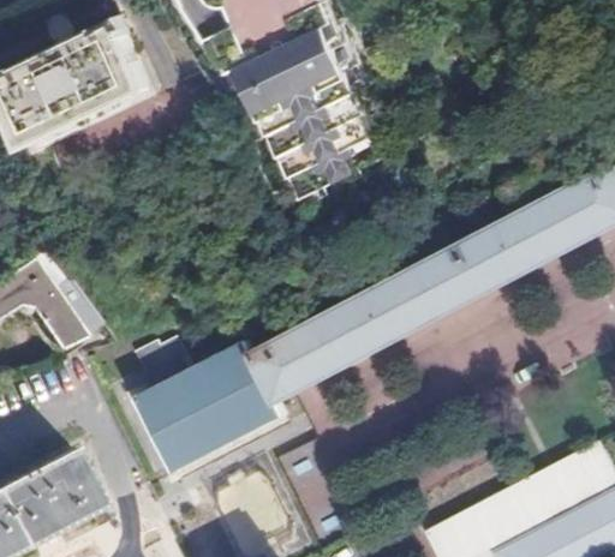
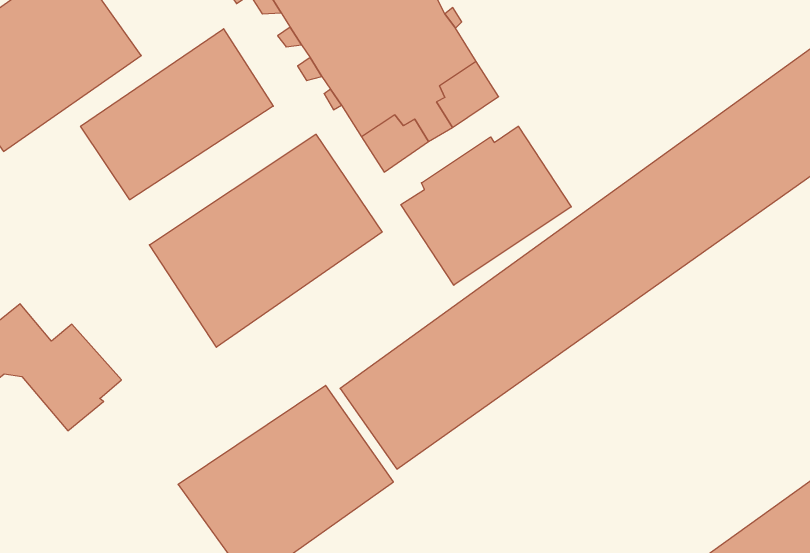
building: none -> [81,29,273,200]
building: none -> [149,134,382,347]
building: none -> [401,126,571,285]

